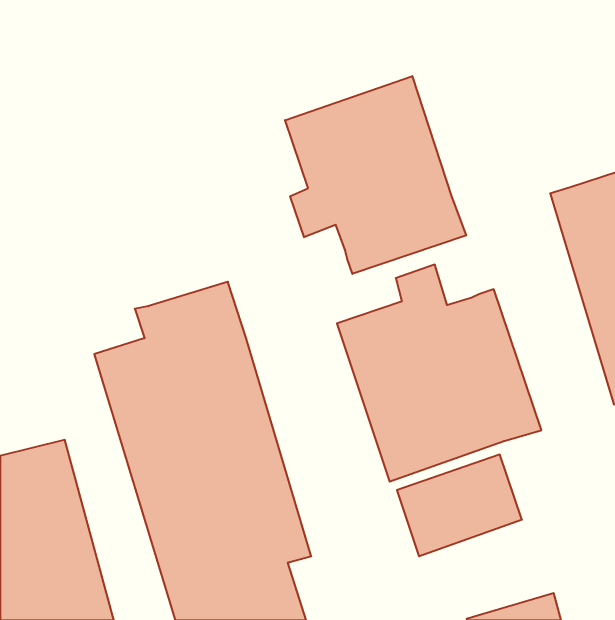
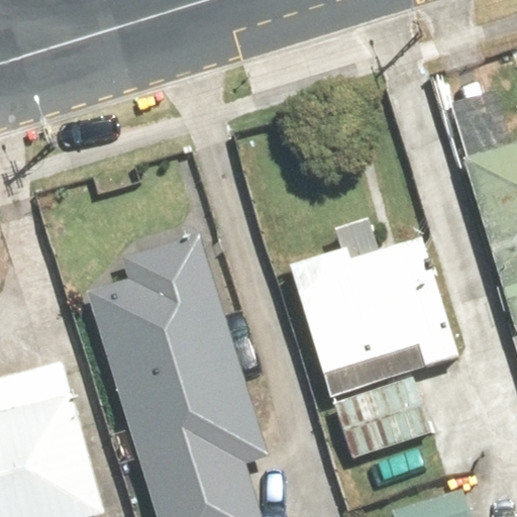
building: [285,76,466,274] -> none

